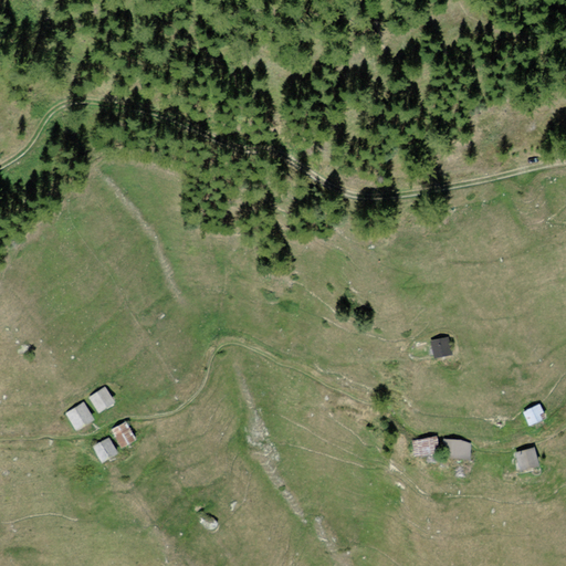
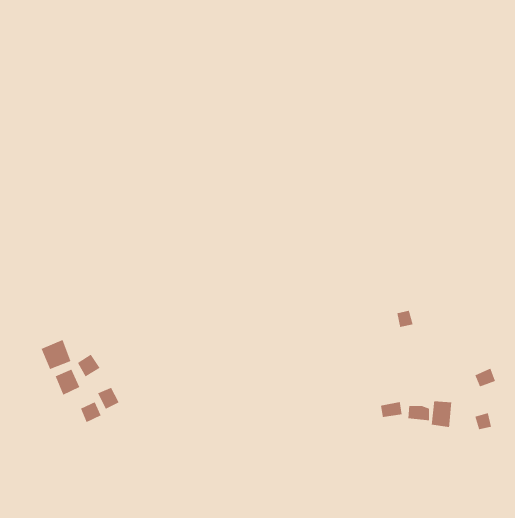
building: none -> [41,339,71,370]
building: none -> [431,400,452,428]

